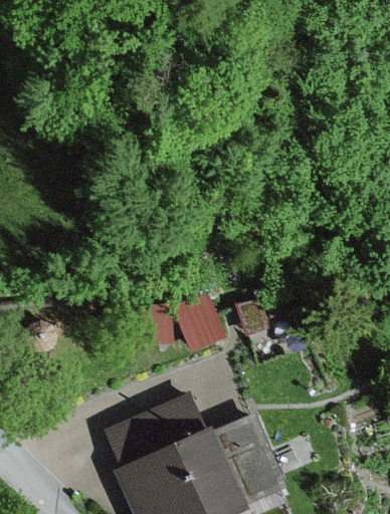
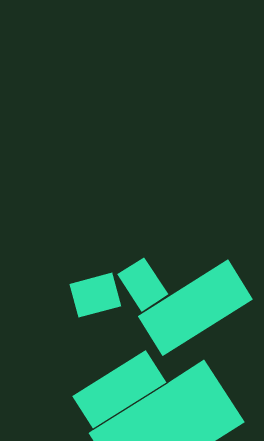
building: none -> [137,258,254,357]

